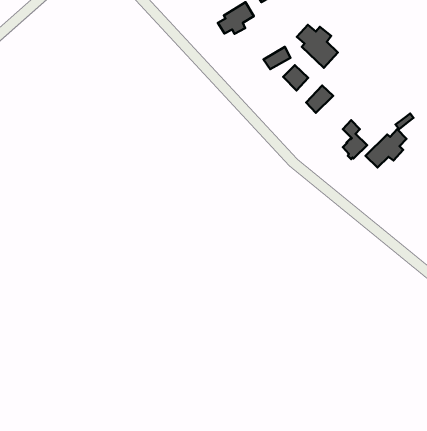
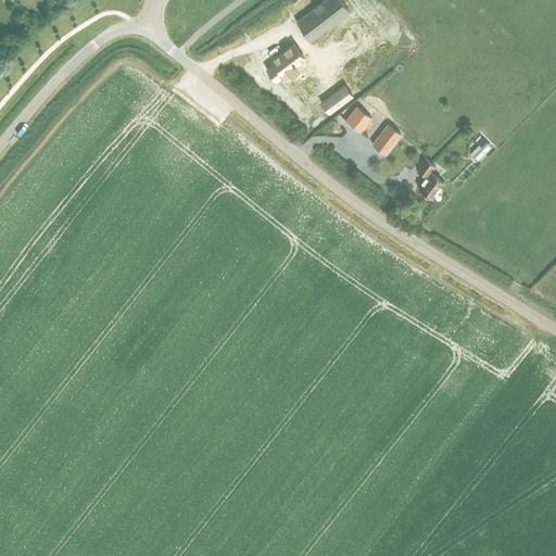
building: [297,25,338,68] -> none
building: [365,129,406,168] -> none

